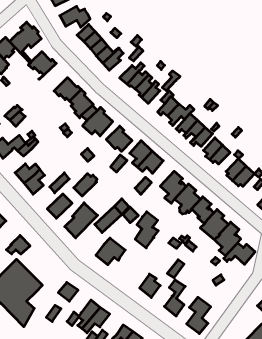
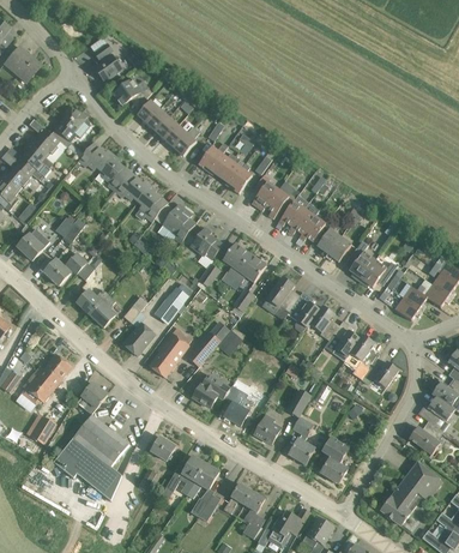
building: none -> [95,155,131,191]
building: [135,212,158,248] -> [224,379,253,426]

